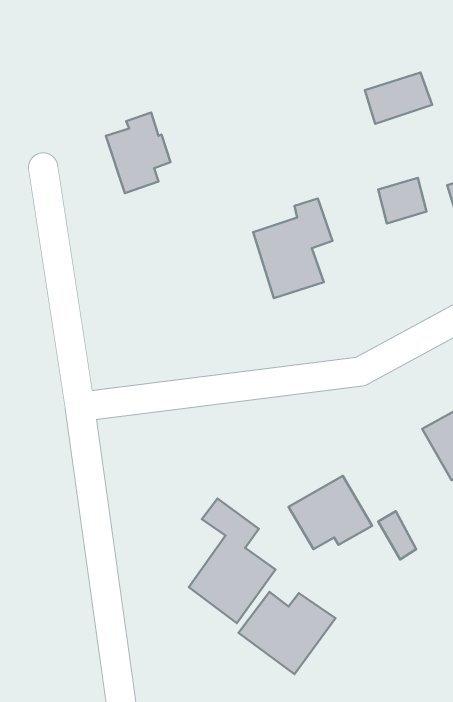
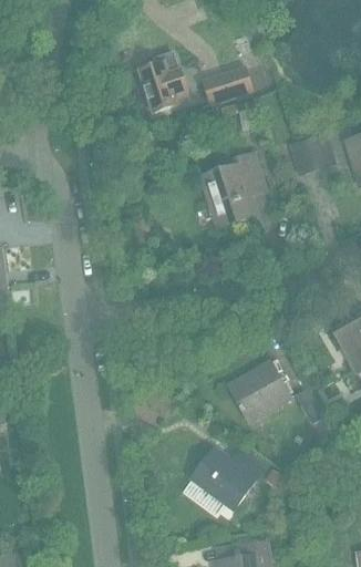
building: [365,73,432,124] -> [202,68,252,106]
building: [106,112,170,193] -> [137,52,186,113]
building: [189,498,276,623] -> none

